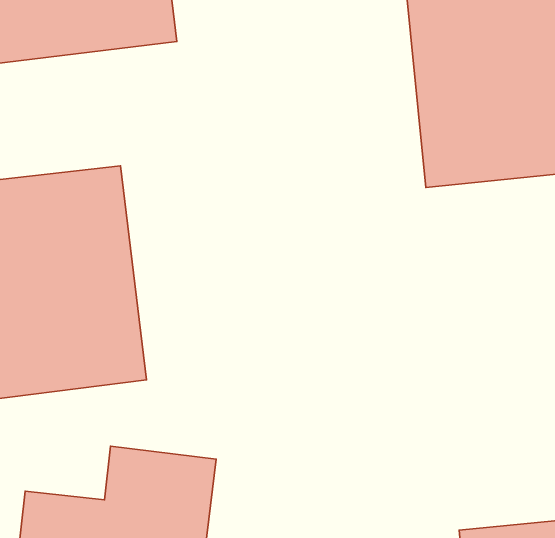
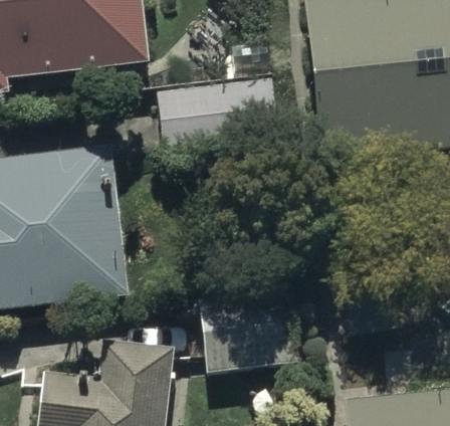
building: none -> [155,78,277,152]
building: none -> [196,290,298,375]

